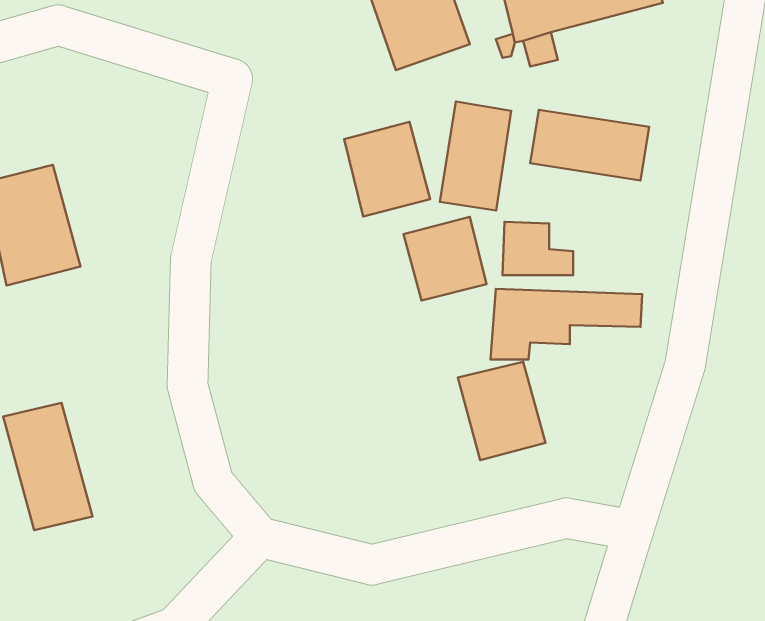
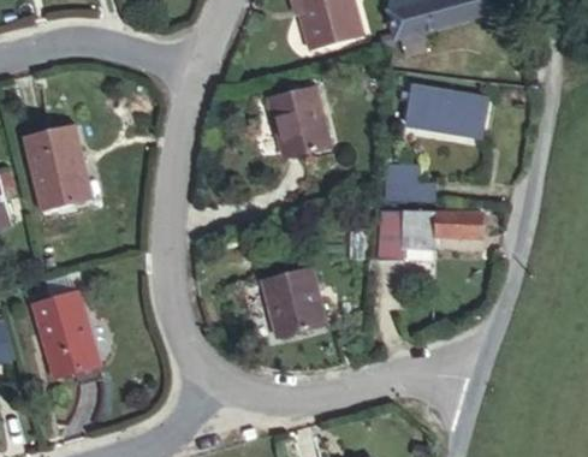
building: [440,102,511,211] -> none
building: [403,217,486,300] -> none
building: [458,362,546,460] -> [269,269,331,338]

